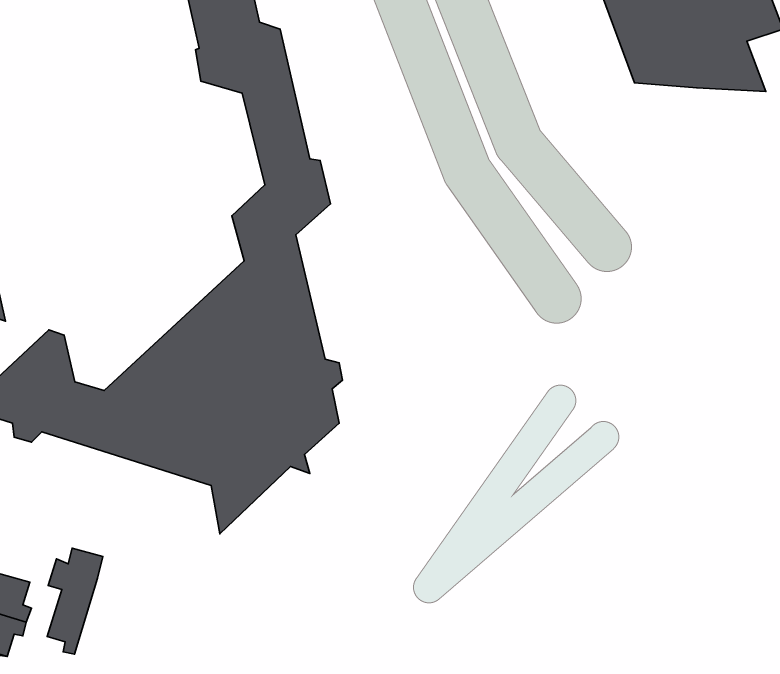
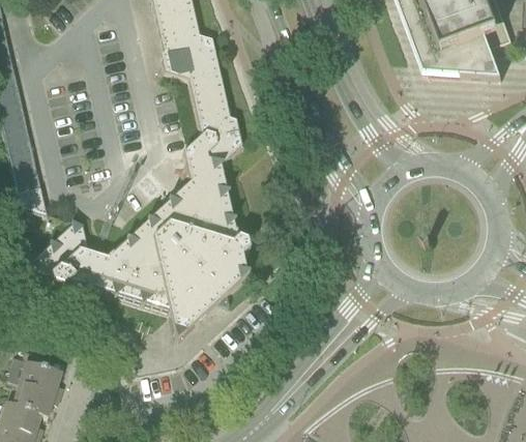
building: [47,548,103,654] -> none

